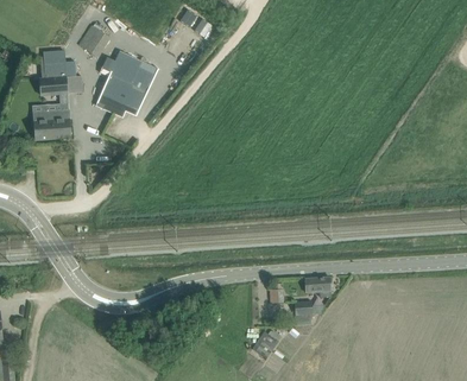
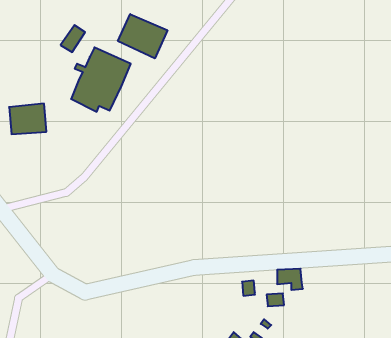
building: none -> [118,14,167,58]
building: [37,49,81,95] -> none

